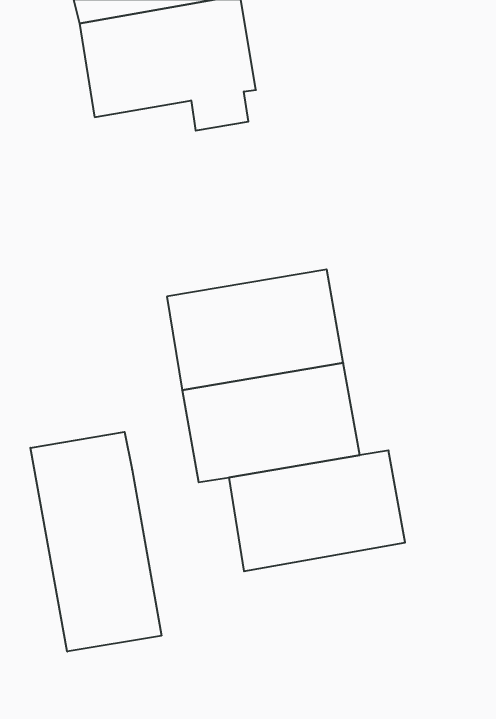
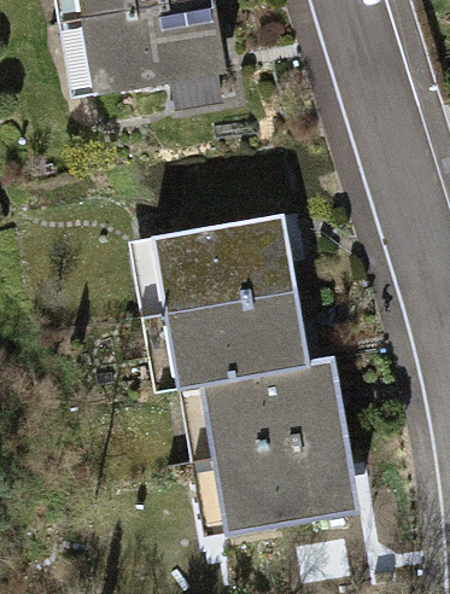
building: [30,432,161,652] -> none
building: none -> [214,435,356,532]

